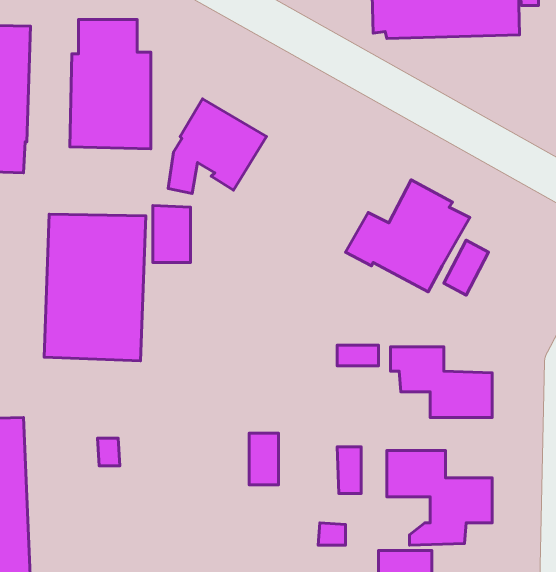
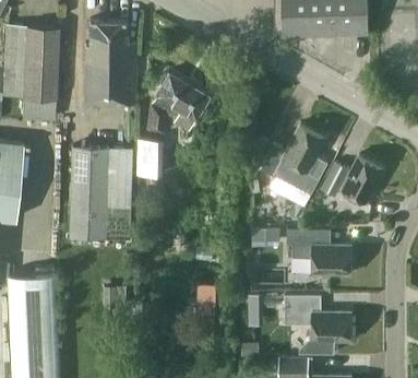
building: none -> [341,156,384,204]

